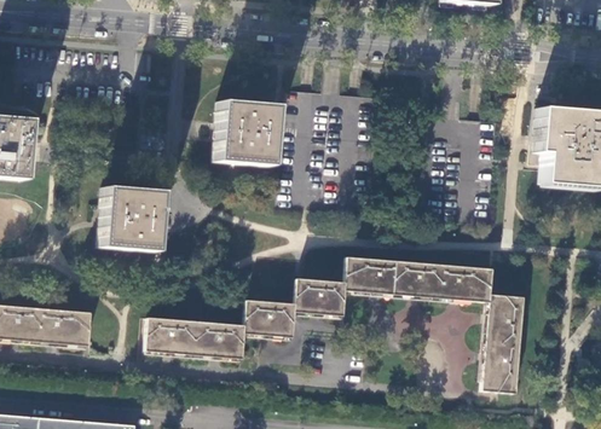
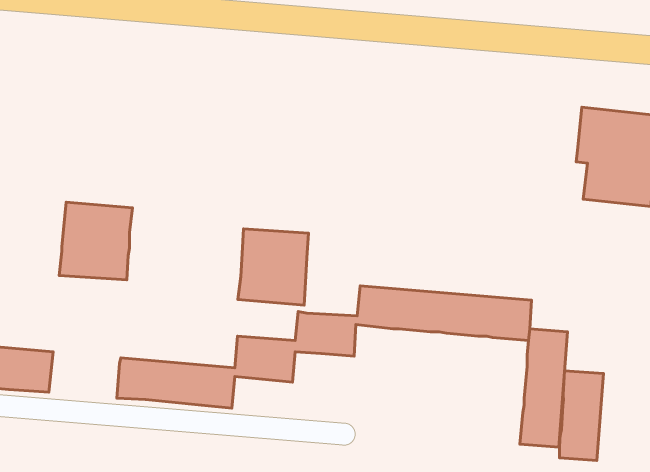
building: [214,102,273,166] -> [238,229,308,305]
building: none -> [559,371,603,461]

